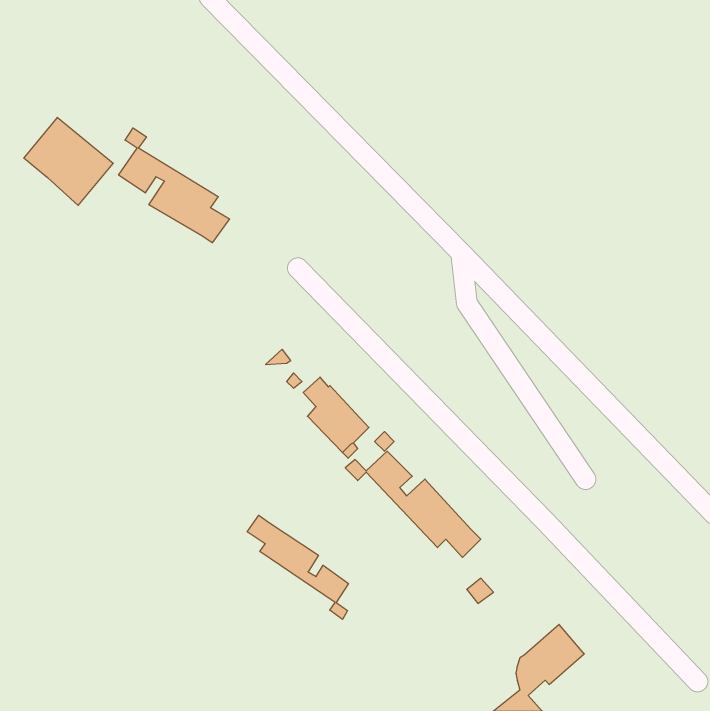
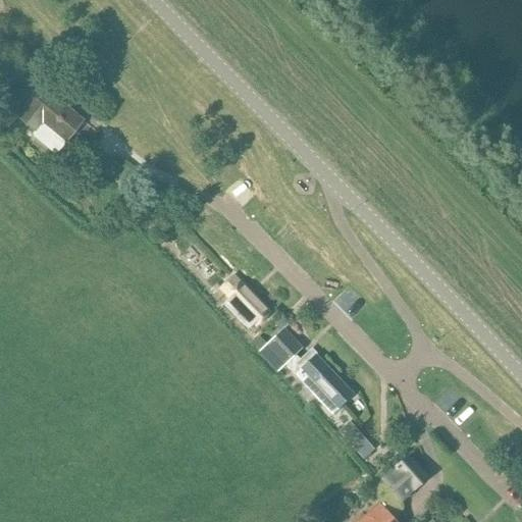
building: [119,128,230,243] -> none
building: [247,515,348,619] -> none

